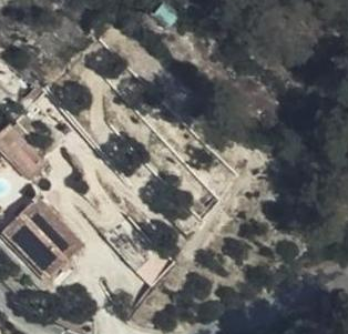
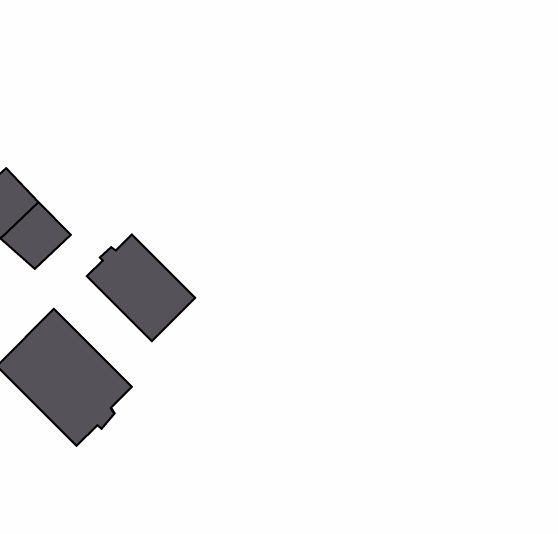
building: none -> [87,235,195,341]

